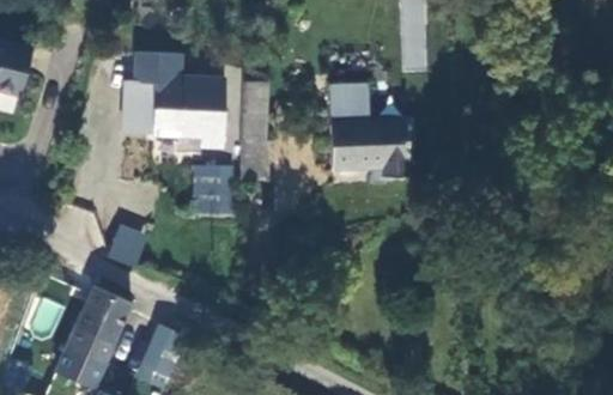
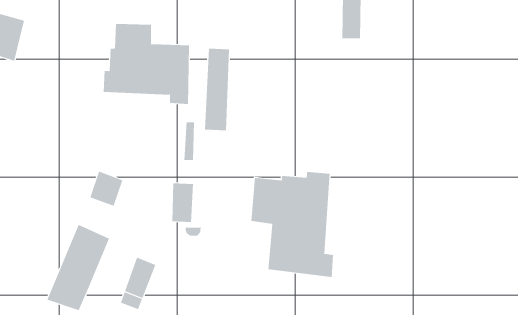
building: [328,85,408,184] -> none
building: [192,165,218,212] -> [171,183,194,223]
building: none -> [251,171,334,278]

